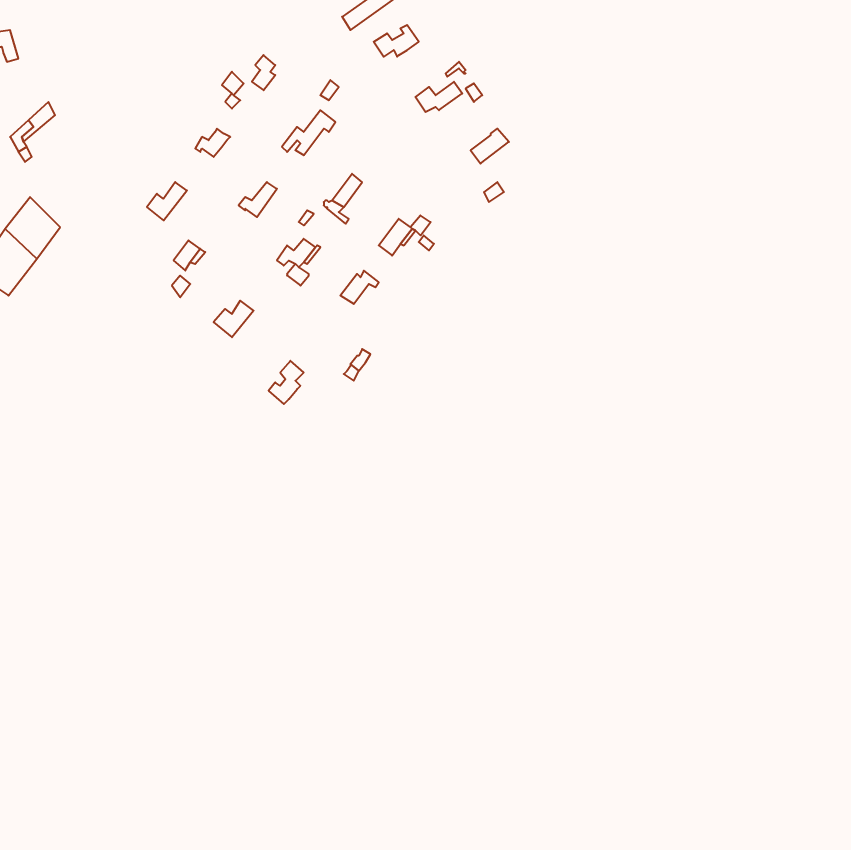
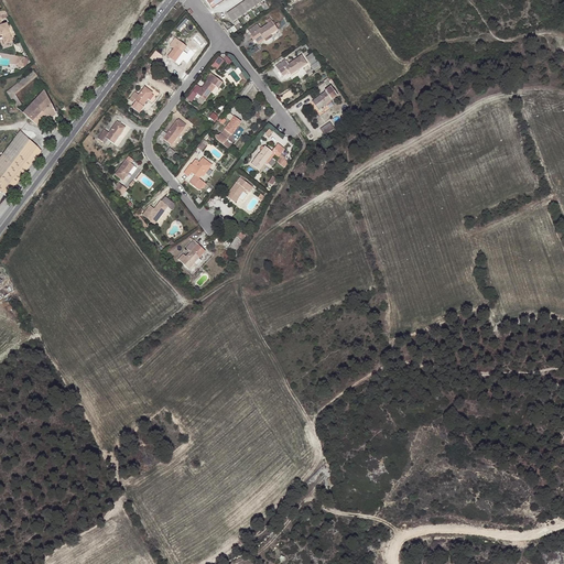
building: none -> [23,88,55,124]

